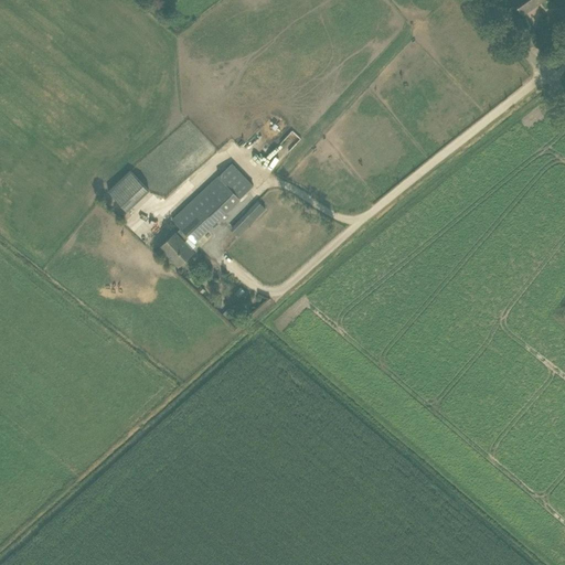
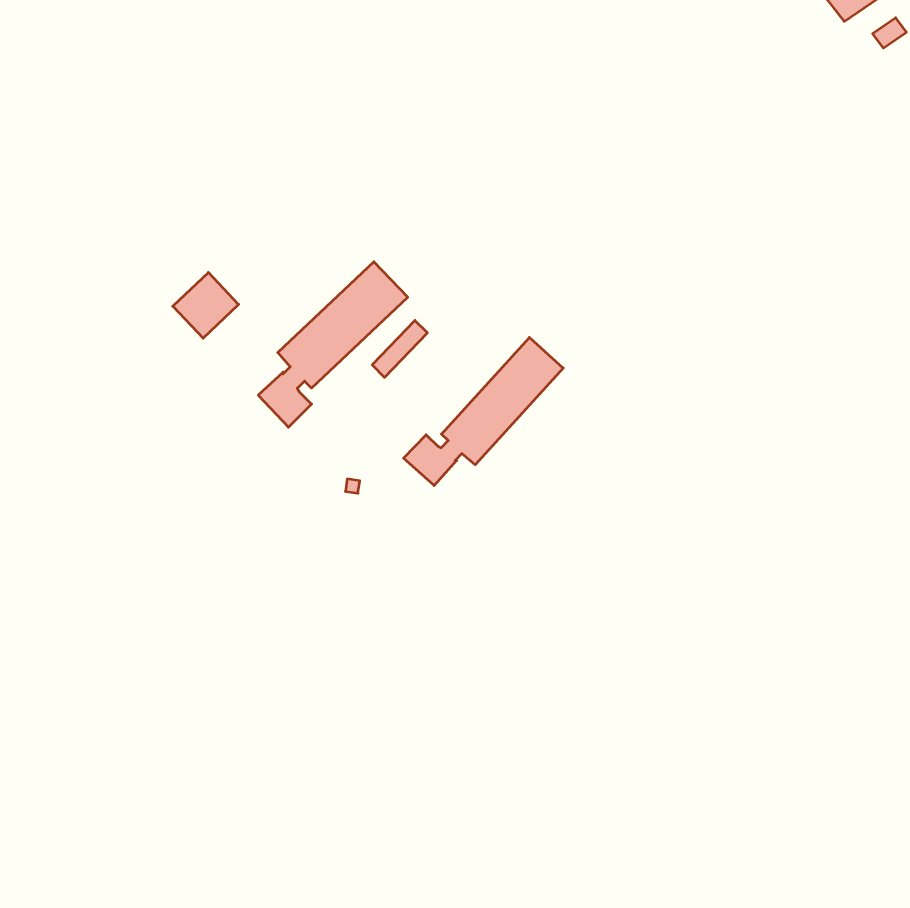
building: none -> [404,337,563,486]

